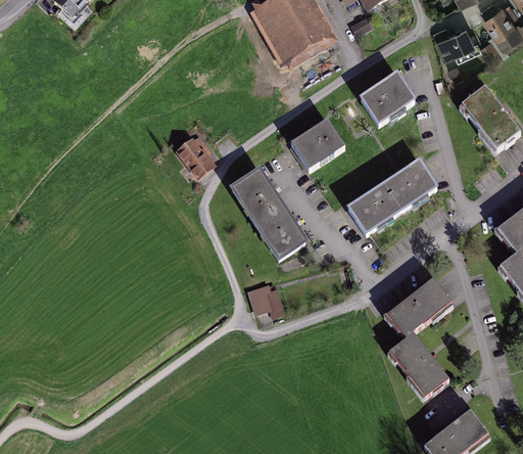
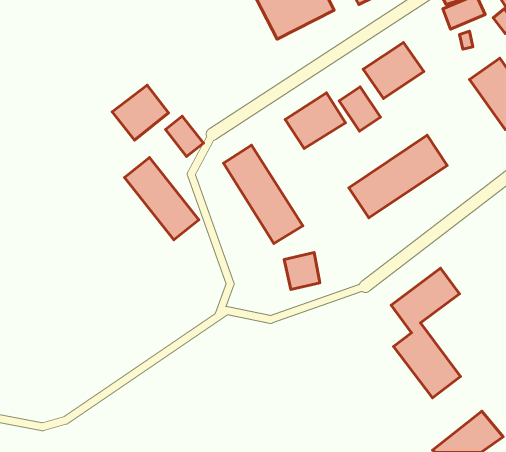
building: none -> [112,85,169,140]
building: none -> [339,87,380,131]
building: none -> [125,158,199,240]
building: [245,284,278,318] -> [284,253,320,290]

